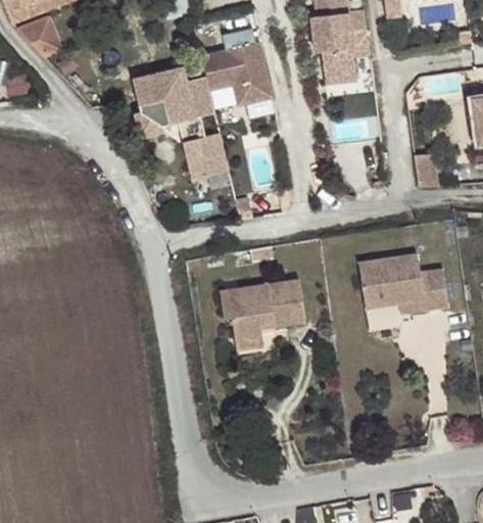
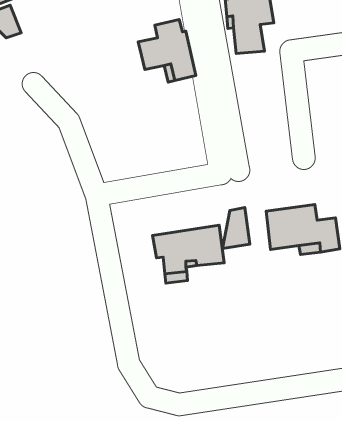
building: [129,62,231,176] -> none
building: none -> [222,207,250,248]

